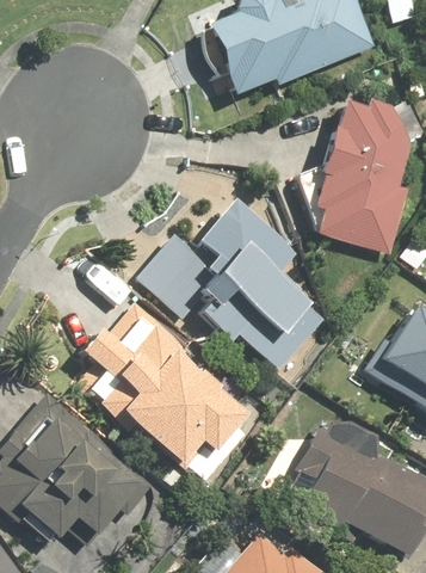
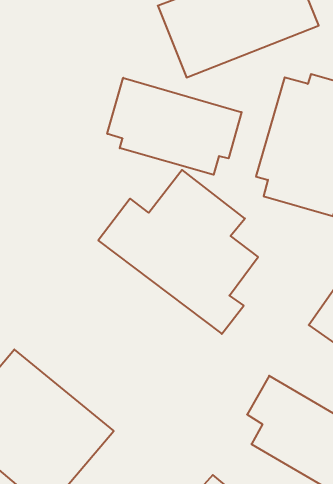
building: none -> [107,78,242,175]
building: [74,298,247,467] -> none

